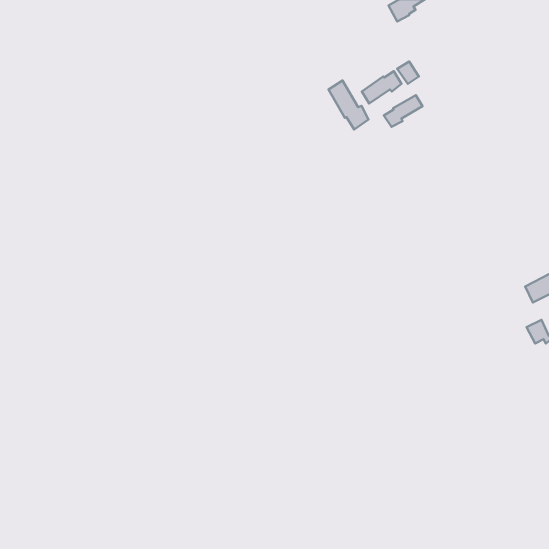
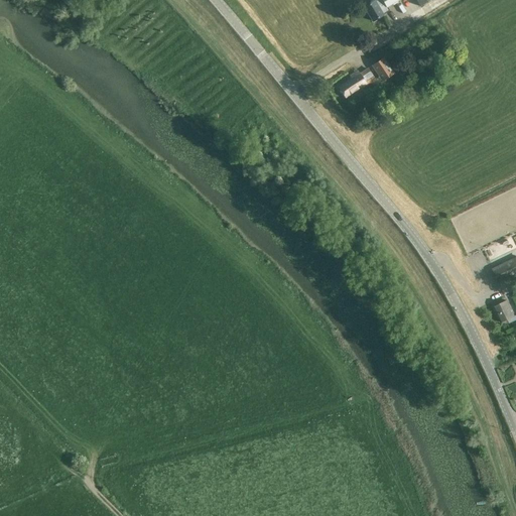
building: [328,81,369,130] -> none
building: [384,95,423,127] -> none

